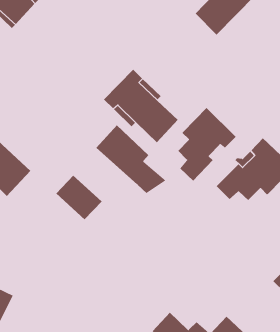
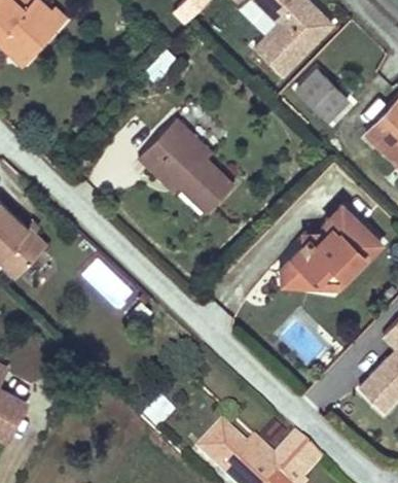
building: none -> [298,69,347,118]
building: [178,107,237,182] -> none
building: [95,125,166,194] -> none

